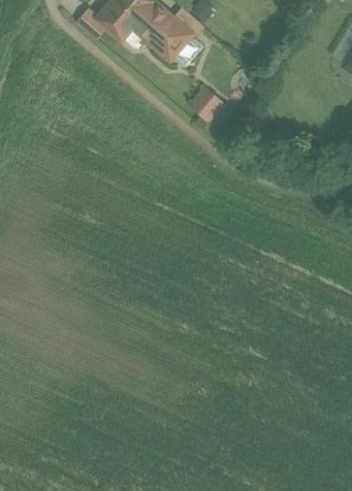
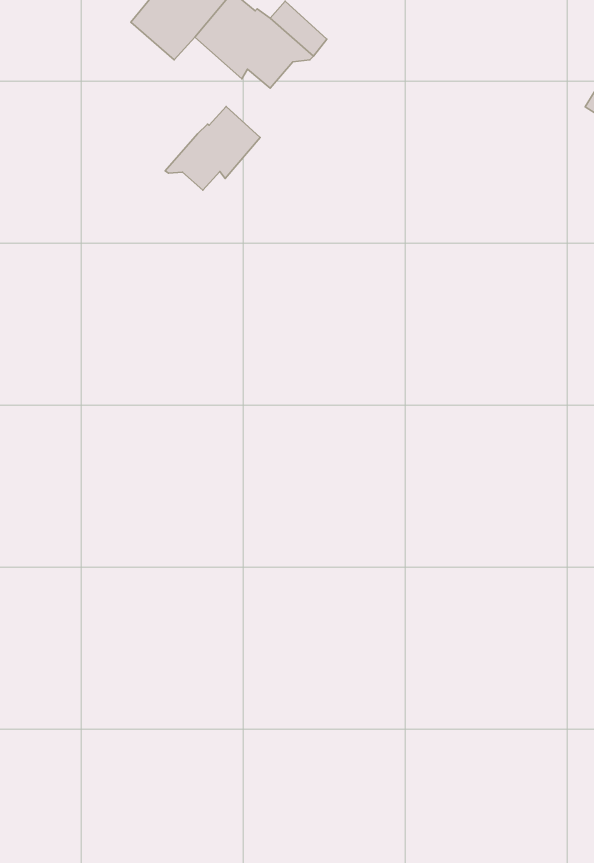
building: none -> [165,107,260,190]
building: [187,87,226,125] -> none

